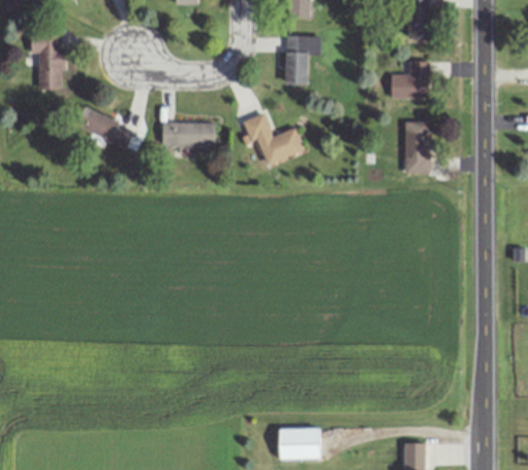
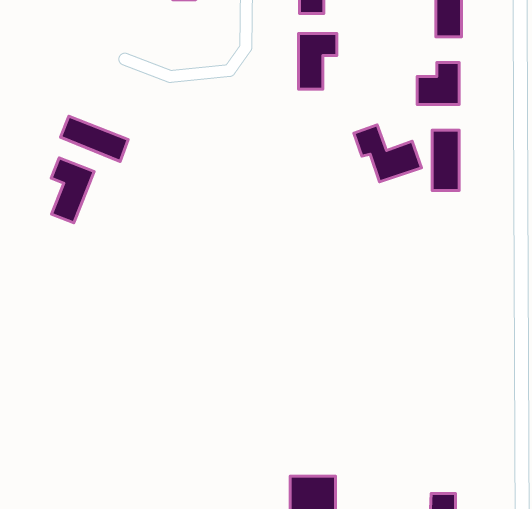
building: [31,35,62,90] -> none
building: [244,114,304,164] -> [354,125,421,182]
building: [162,122,215,147] -> none
building: none -> [51,158,94,223]

